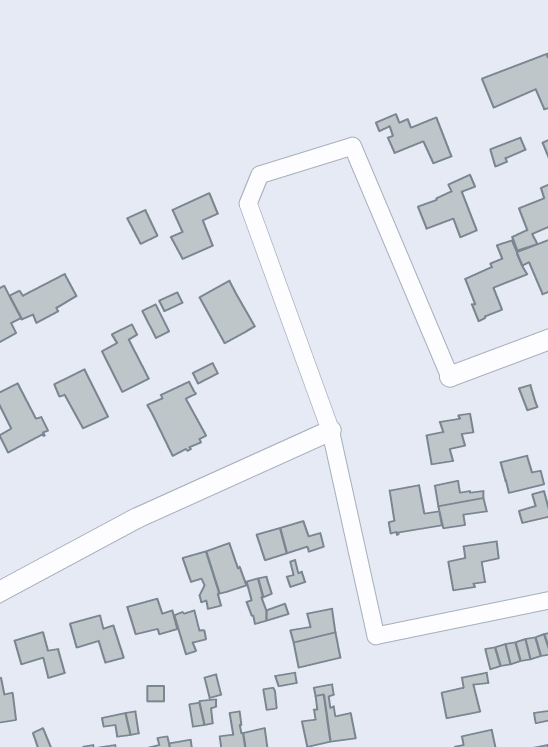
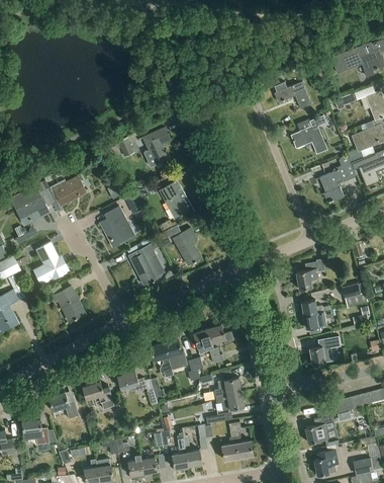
building: none -> [173,227,206,264]
building: [54,369,108,428] -> [53,286,85,321]
building: [389,485,442,535] -> none

